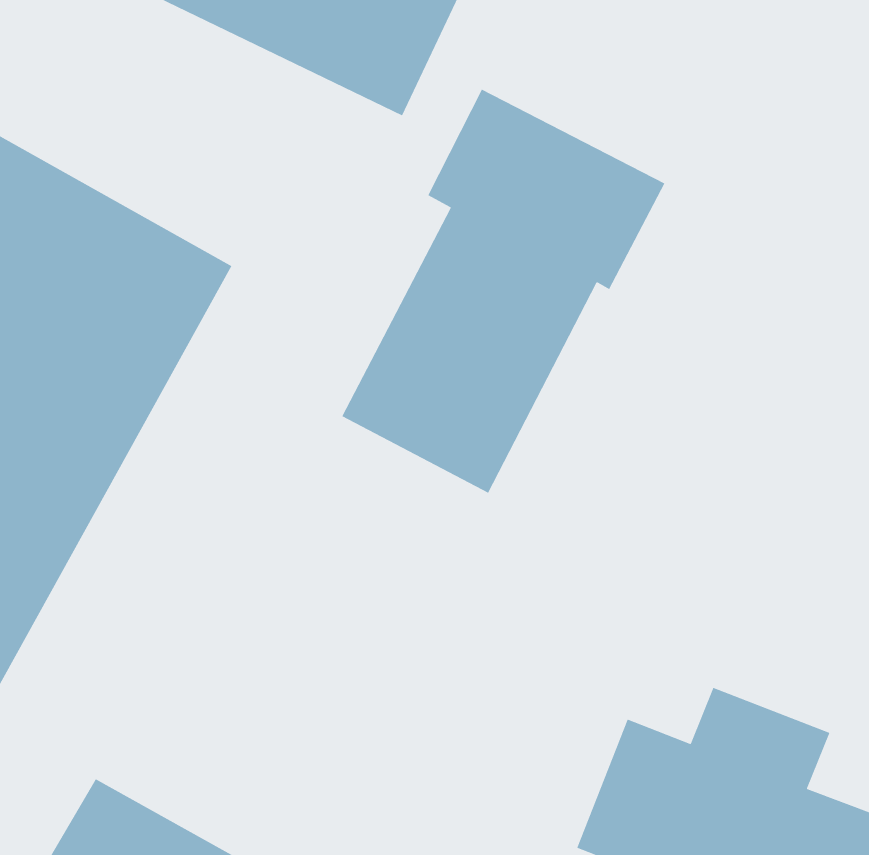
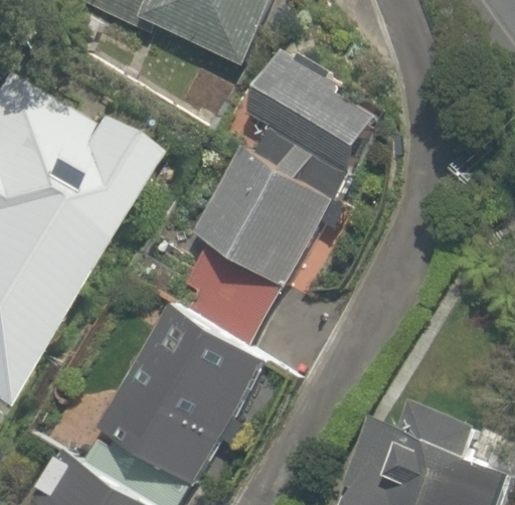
building: none -> [102,307,267,486]

